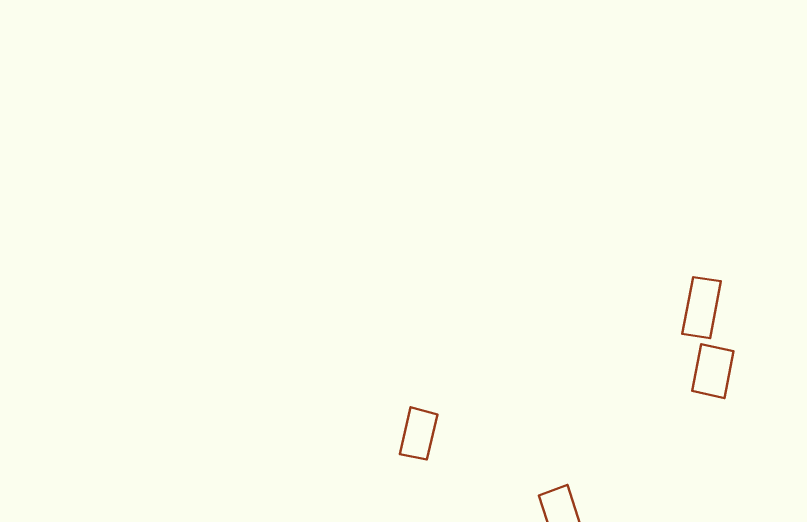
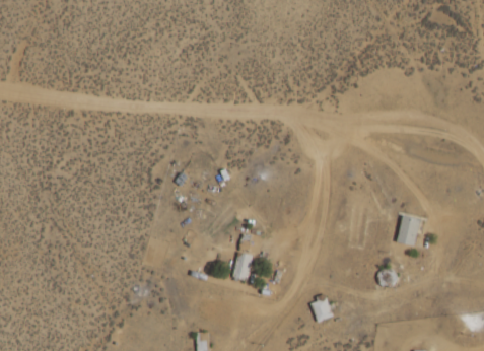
building: [682,277,721,338] -> none

